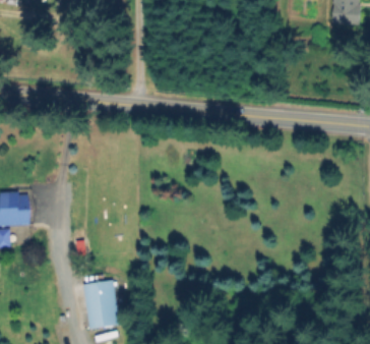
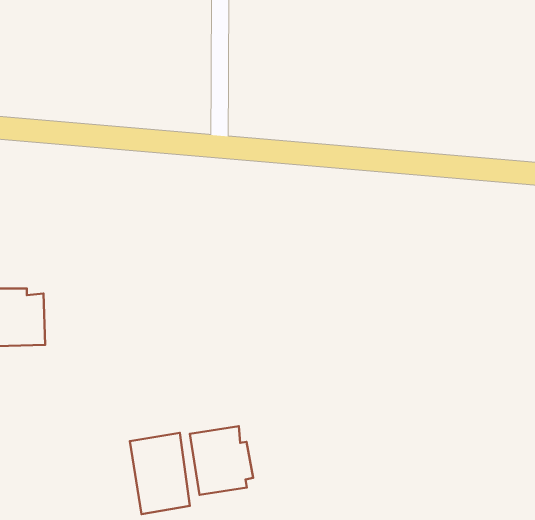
building: none -> [190,426,253,495]

